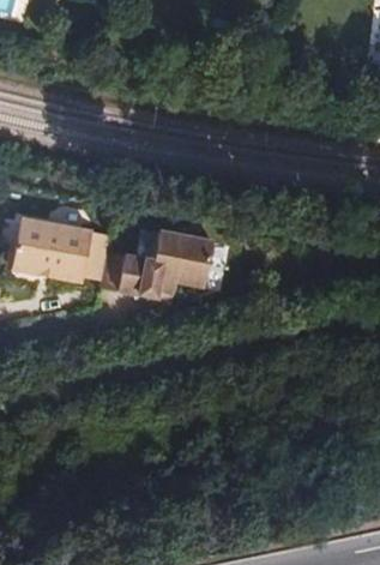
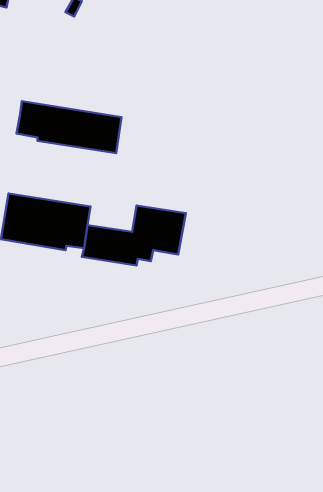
building: none -> [17,101,122,153]

